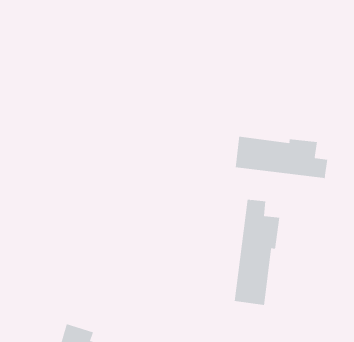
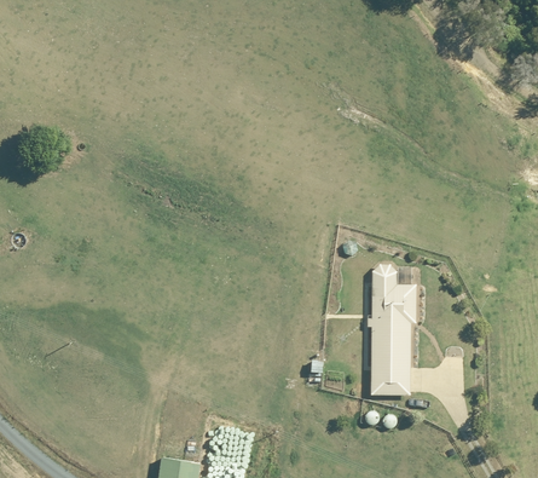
building: [235,136,328,179] -> none

